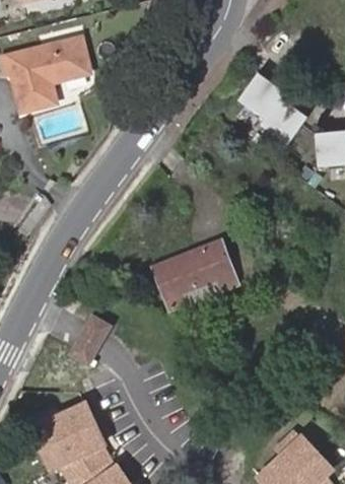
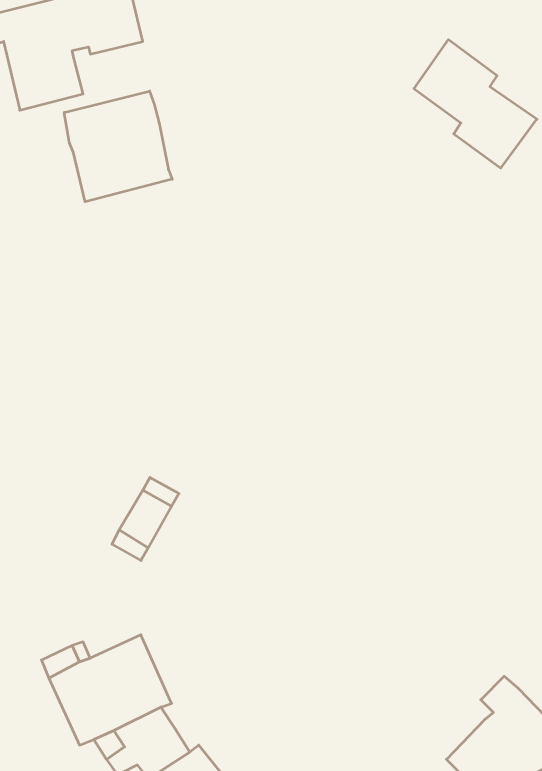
building: none -> [64,91,172,202]
building: [155,243,231,306] -> none

